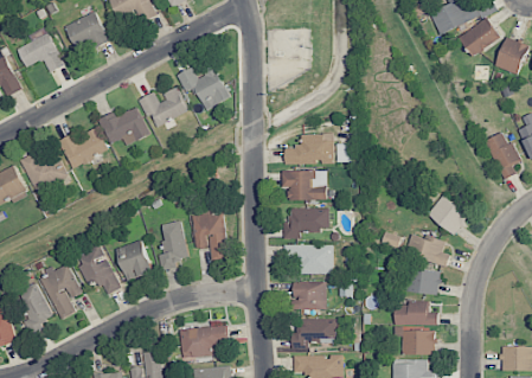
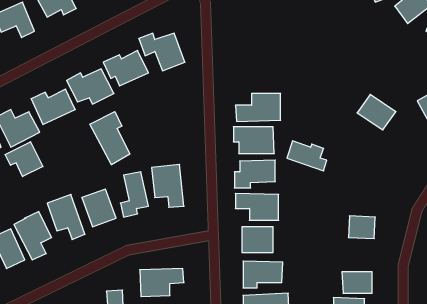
building: none -> [90,112,130,165]
building: none -> [5,142,43,177]
building: [427,196,469,235] -> [357,94,396,130]
building: [405,233,449,267] -> [287,141,327,171]
building: [393,301,438,325] -> none

